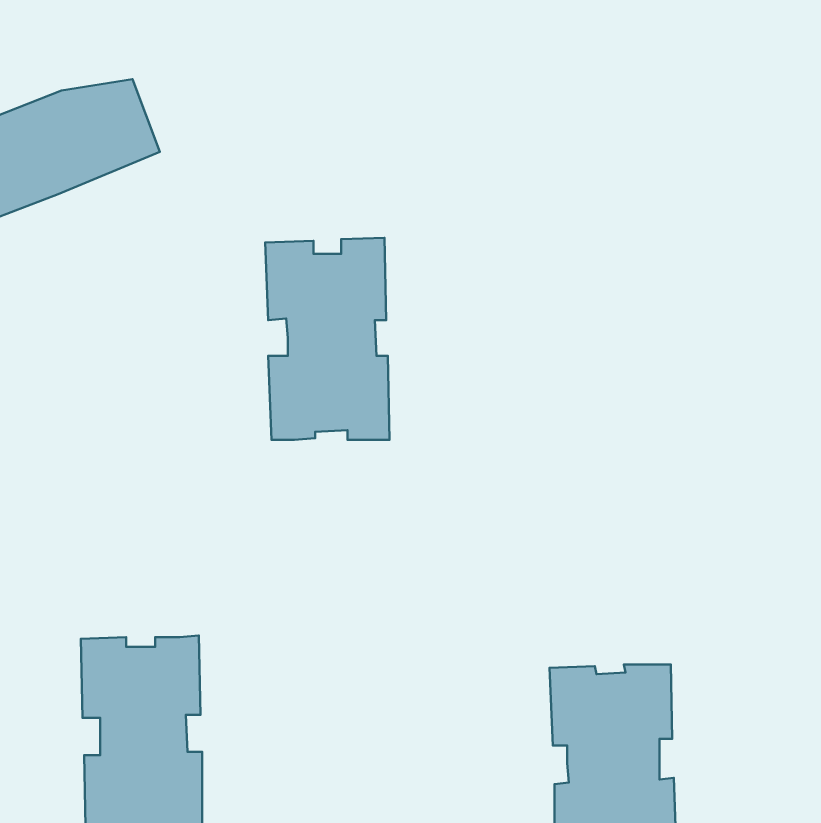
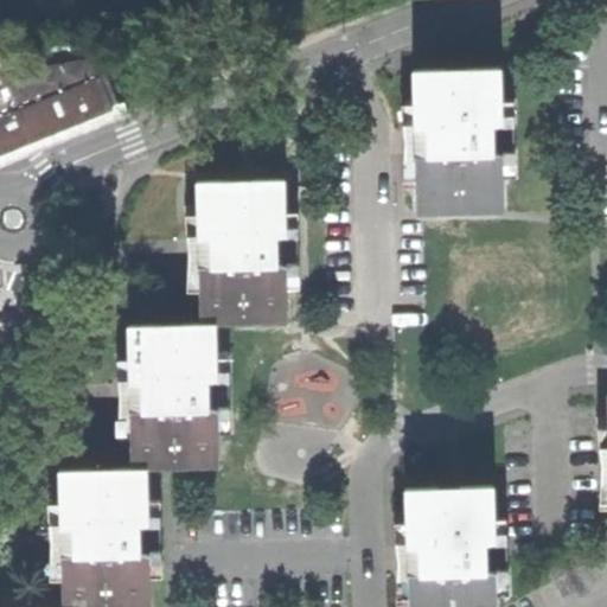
building: none -> [410,71,503,216]
building: none -> [128,325,217,469]

